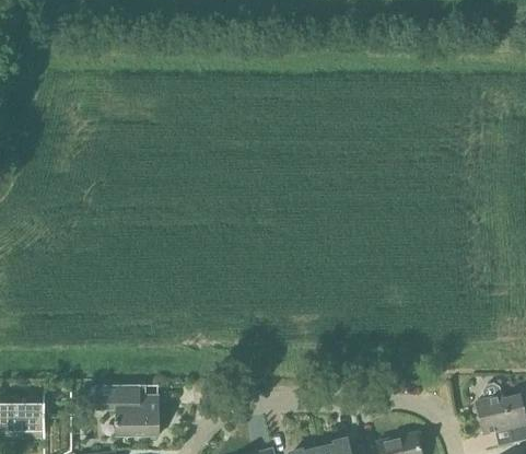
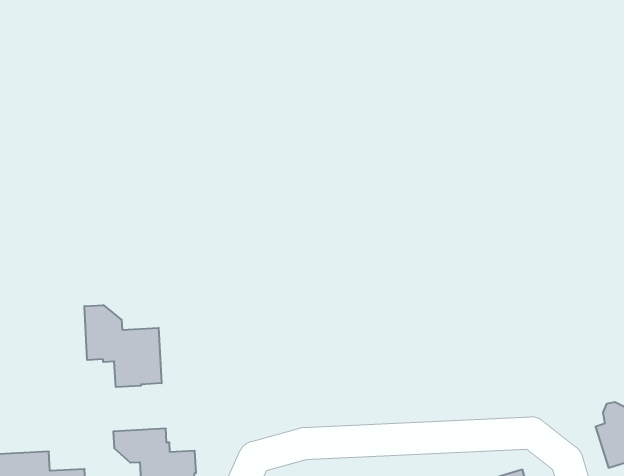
building: none -> [84,305,162,387]

